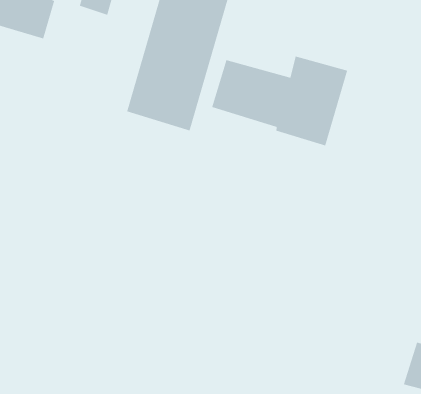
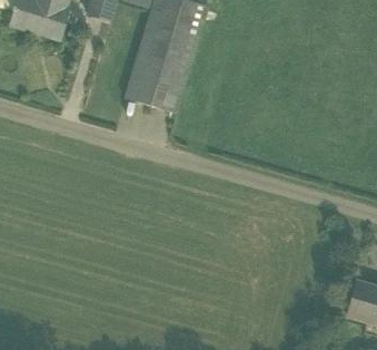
building: [211,55,348,146] -> none

